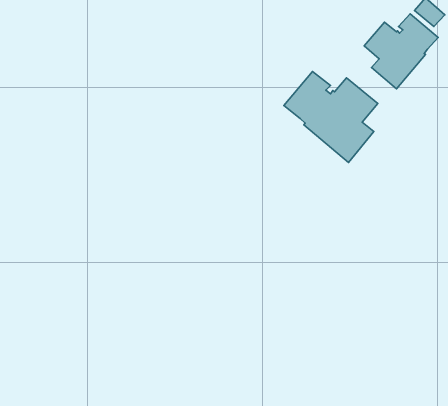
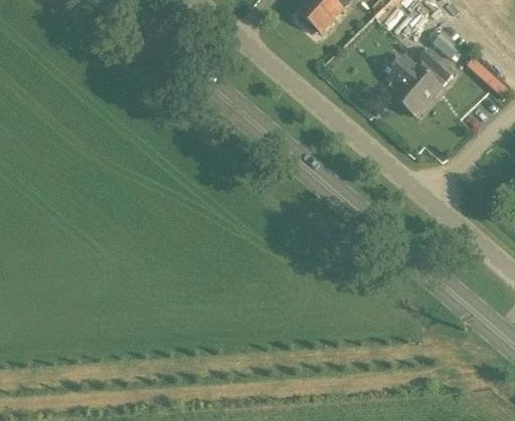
building: [284,72,378,162] -> none

